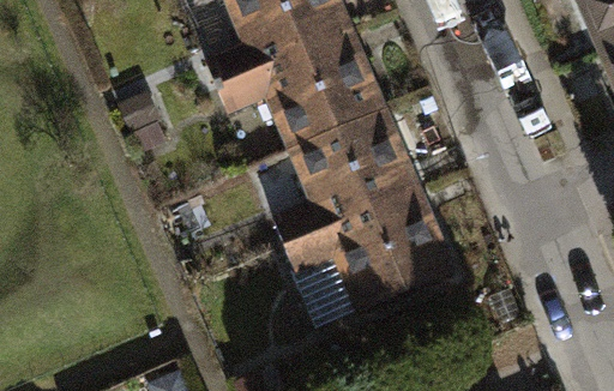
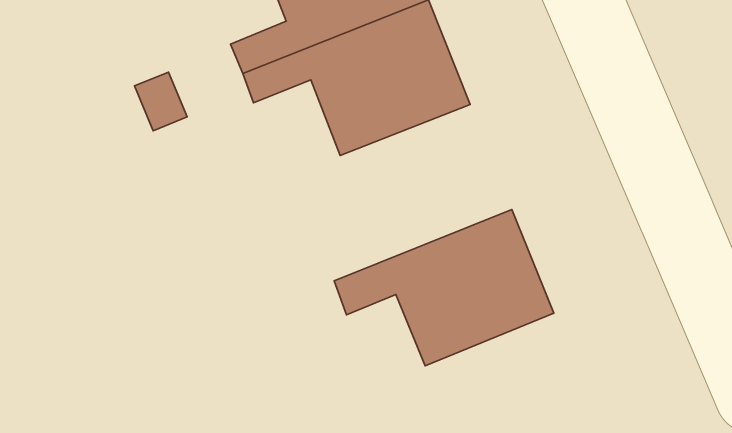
building: [270,119,420,255] -> none

